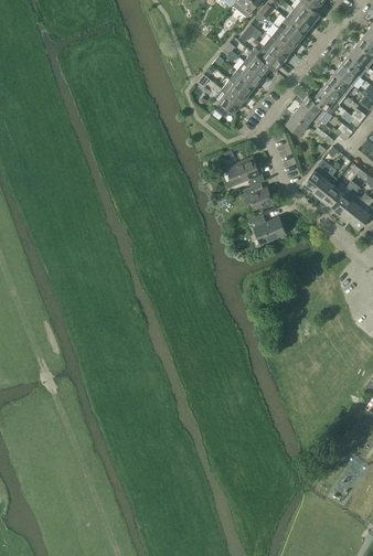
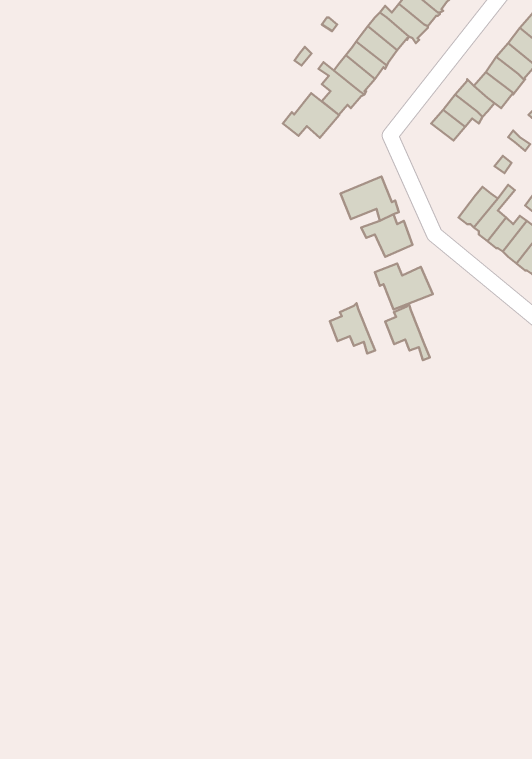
building: none -> [283,93,339,138]
building: none -> [330,303,375,353]
building: none -> [385,304,430,360]

